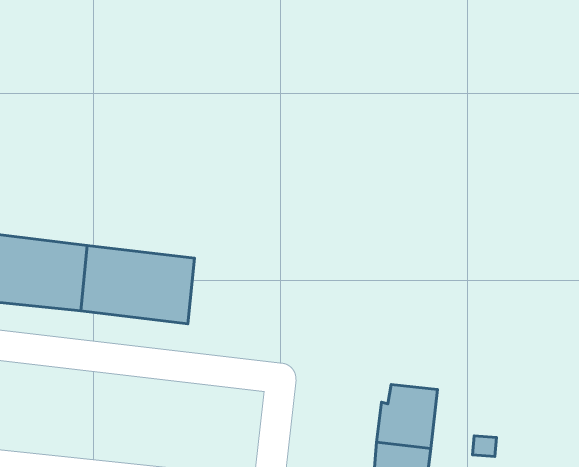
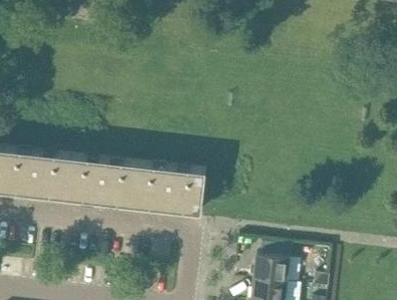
building: none -> [132,168,203,216]

